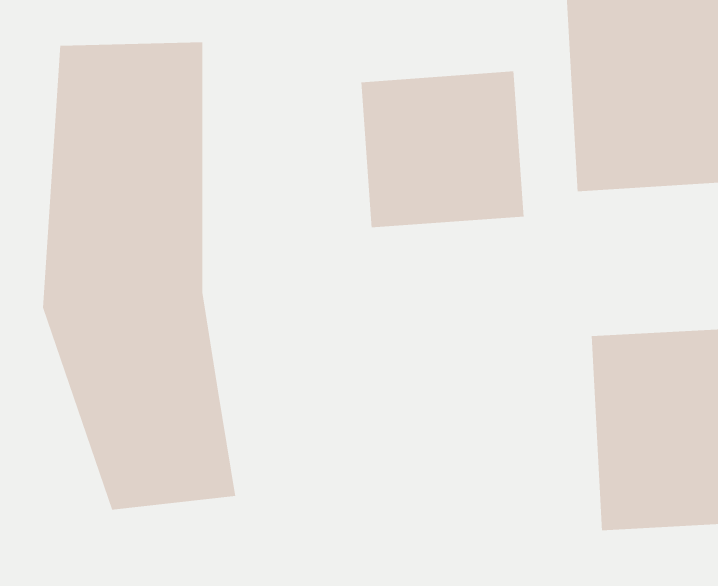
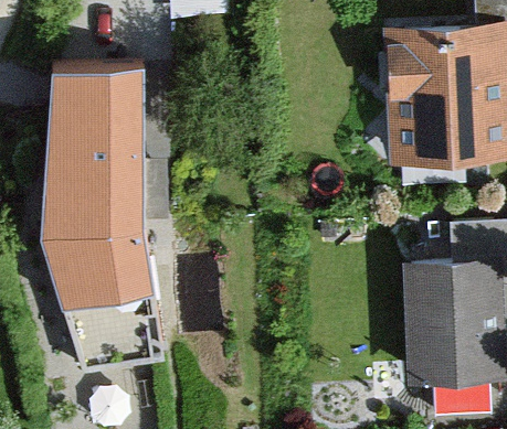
building: [360,71,525,228] -> none

